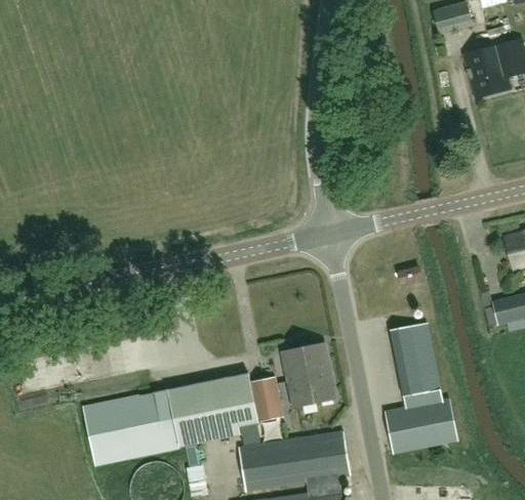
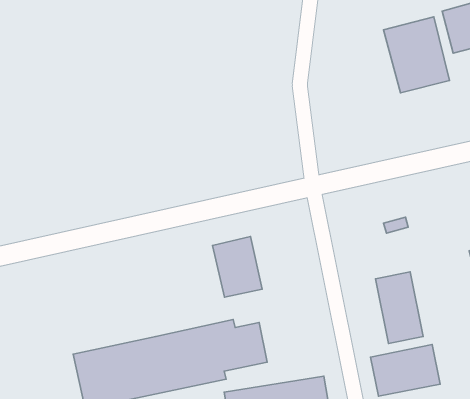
building: none -> [384,17,449,93]
building: [282,342,333,405] -> [213,237,262,297]

